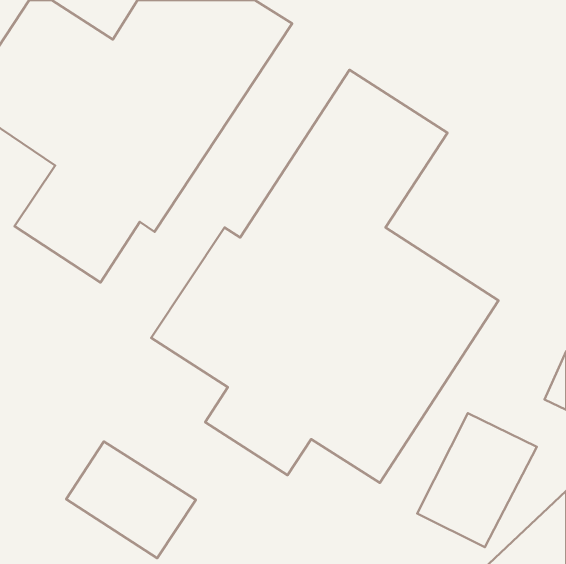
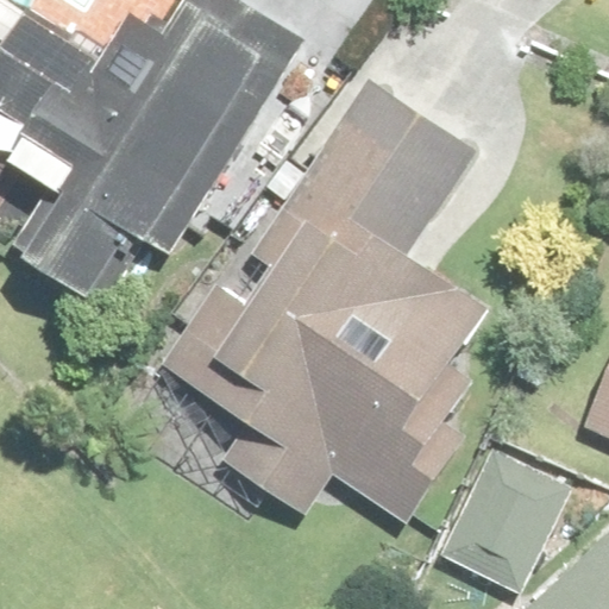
building: [66,442,196,558] -> none

